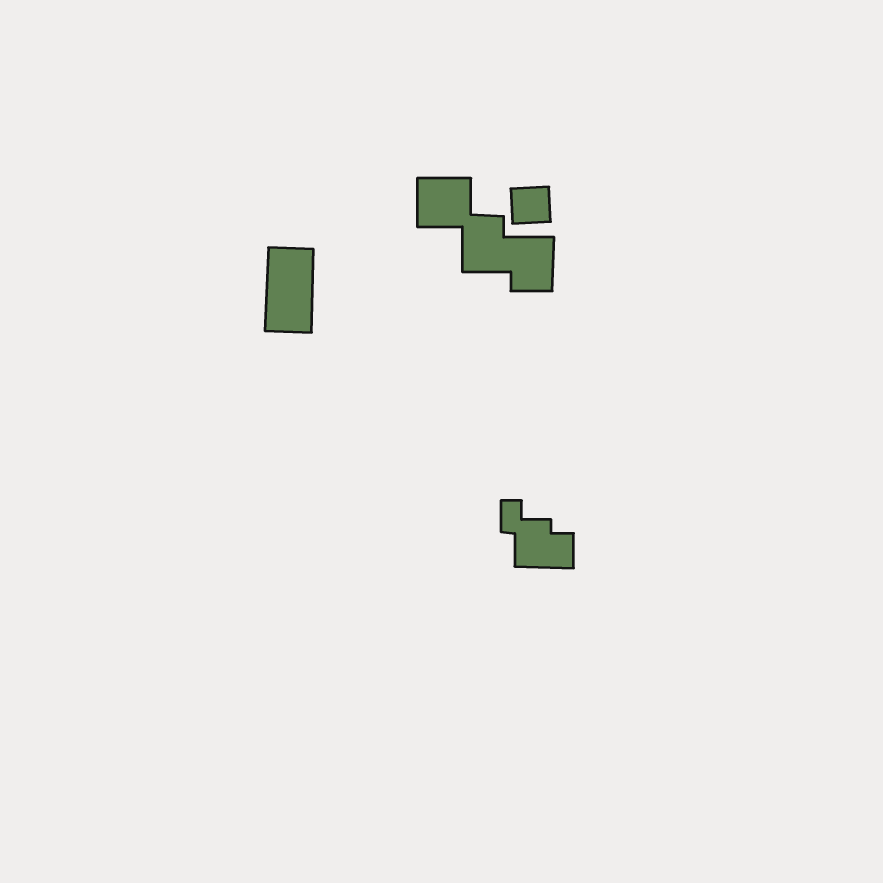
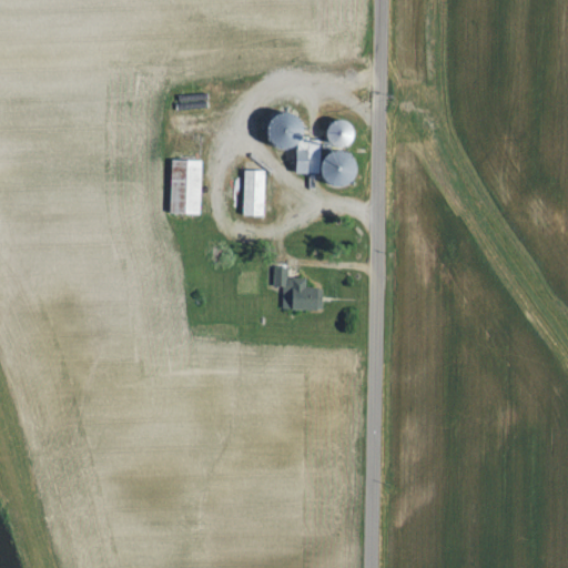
building: none -> [242,171,265,216]
building: [501,501,574,568] -> [274,267,321,311]

